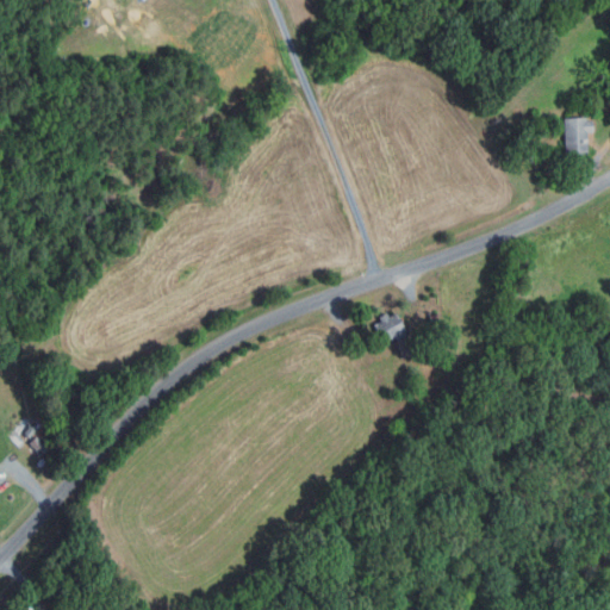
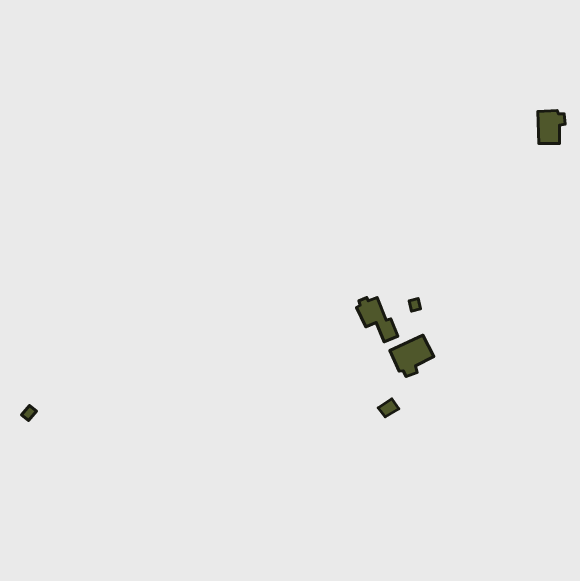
building: none -> [390,335,434,377]

